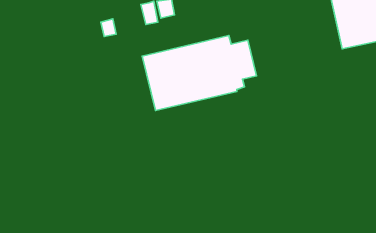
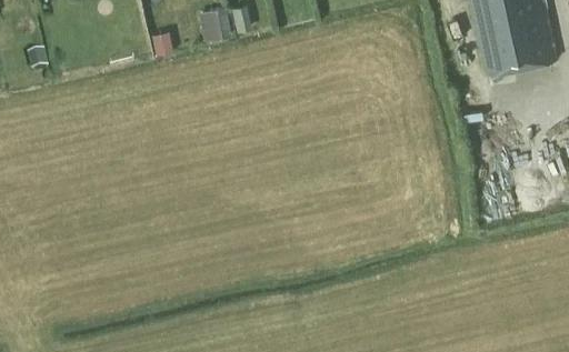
building: [142,36,256,111] -> none

